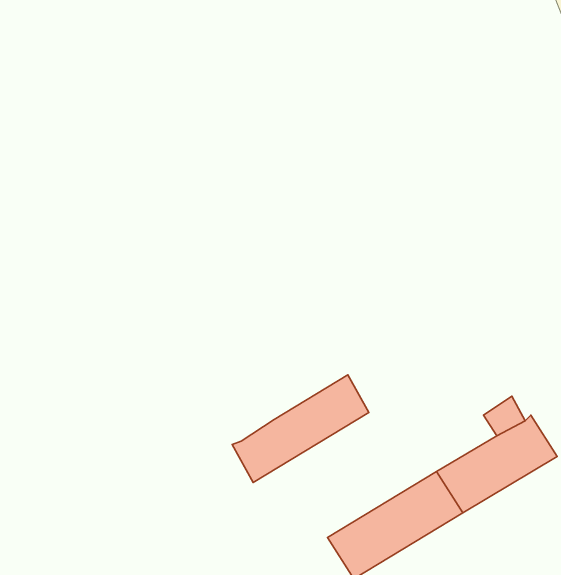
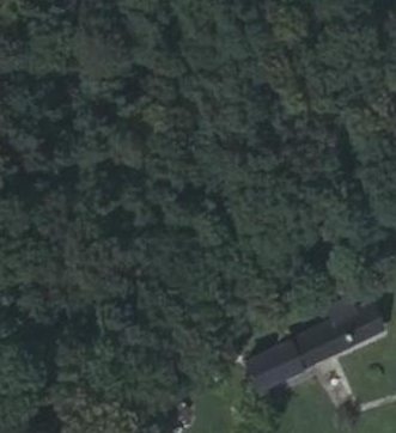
building: [232,375,369,482] -> none

